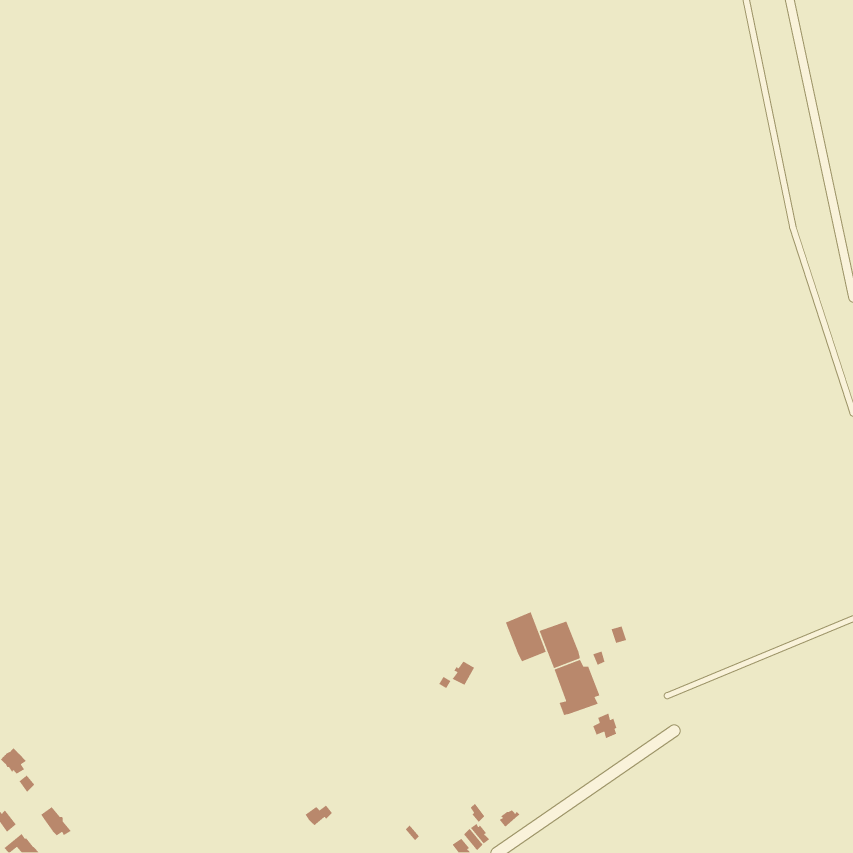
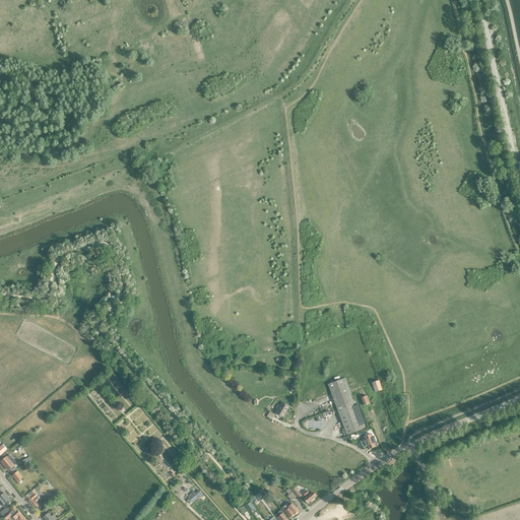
building: [505,611,547,662] -> none

